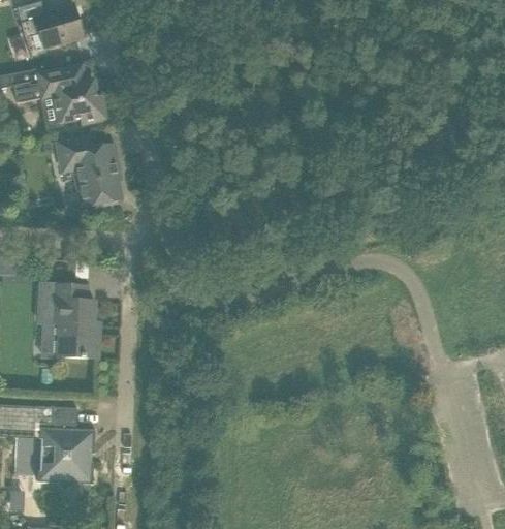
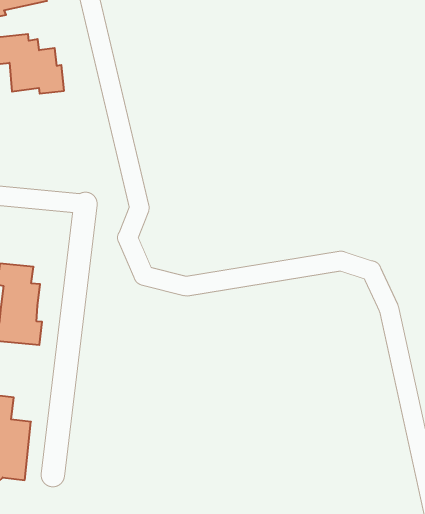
building: [55,133,120,206] -> none

